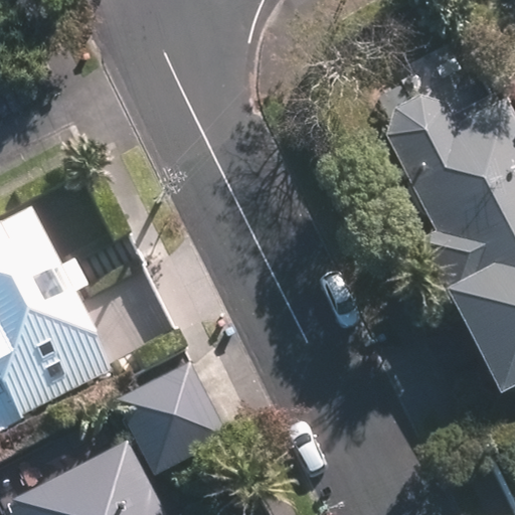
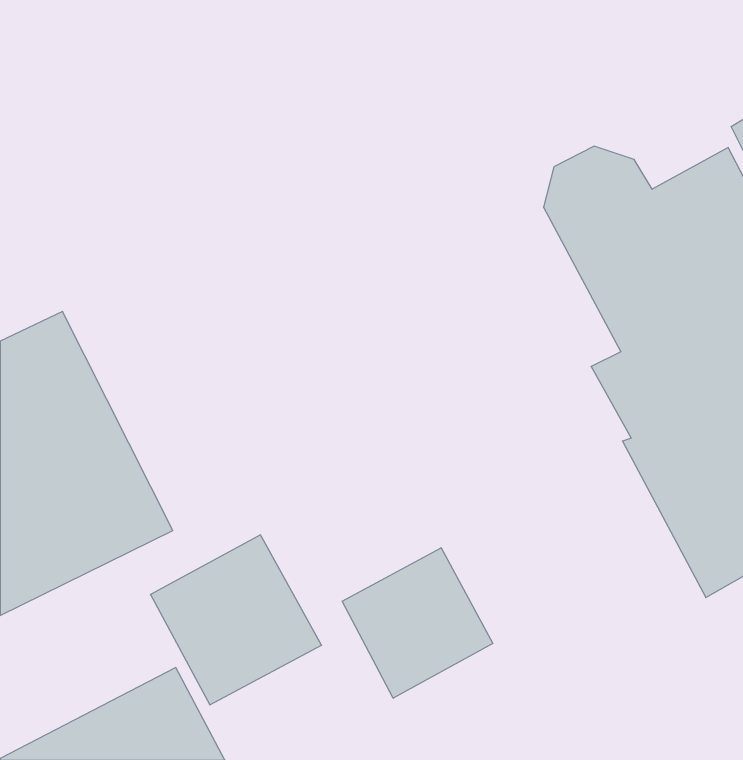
building: none -> [342,548,493,698]

